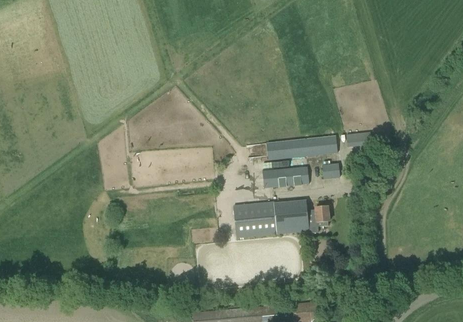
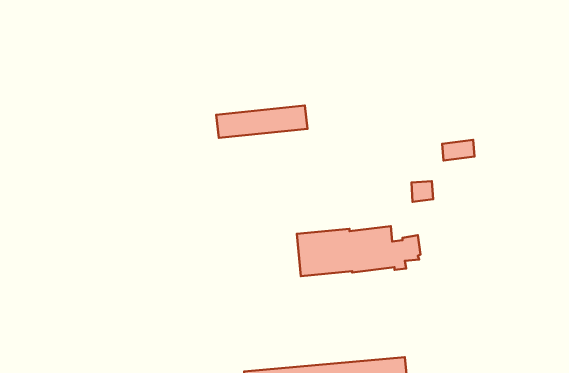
building: [266,135,337,160] -> [216,106,308,138]
building: [262,166,308,188] -> none

